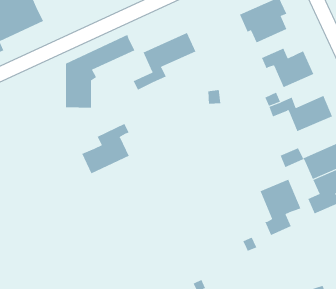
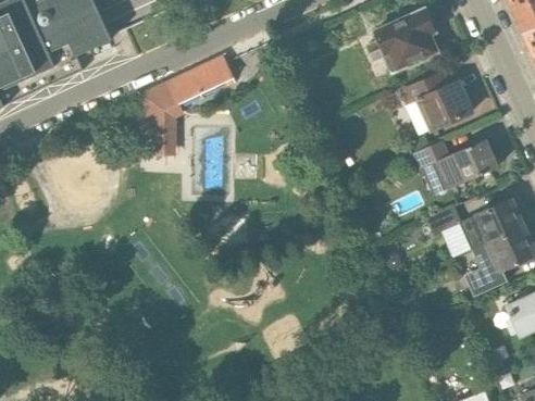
building: [133,32,196,90] -> none
building: [82,123,129,174] -> none
building: [260,179,301,236] -> none

